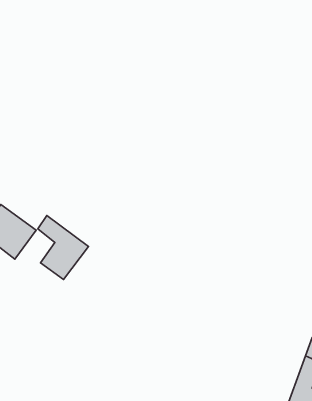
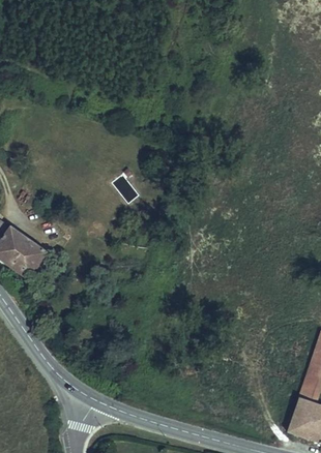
building: [38,216,89,279] -> none

